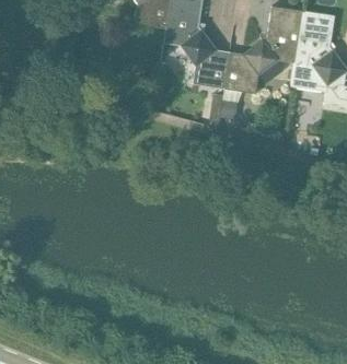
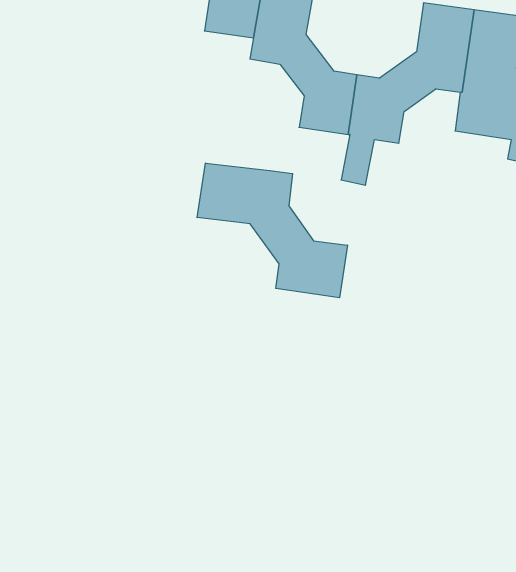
building: none -> [197,163,347,298]

